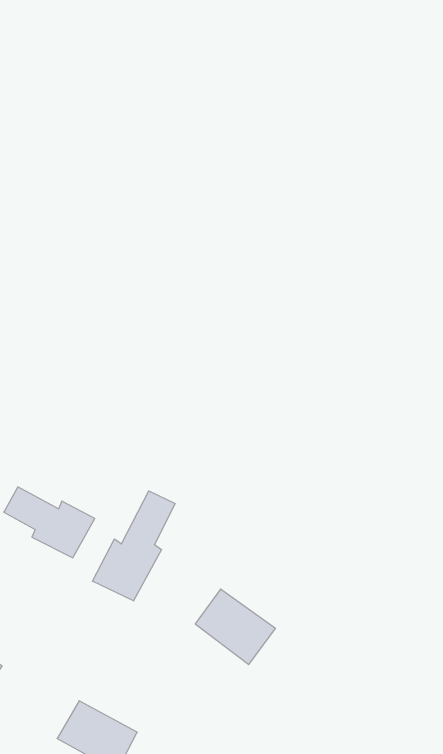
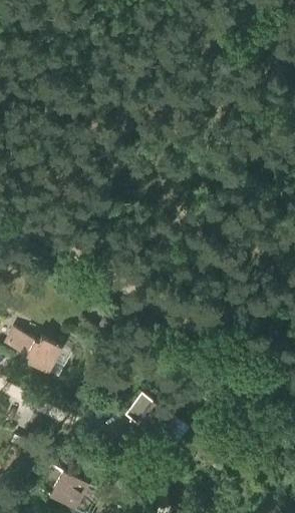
building: [92,491,175,601] -> none

